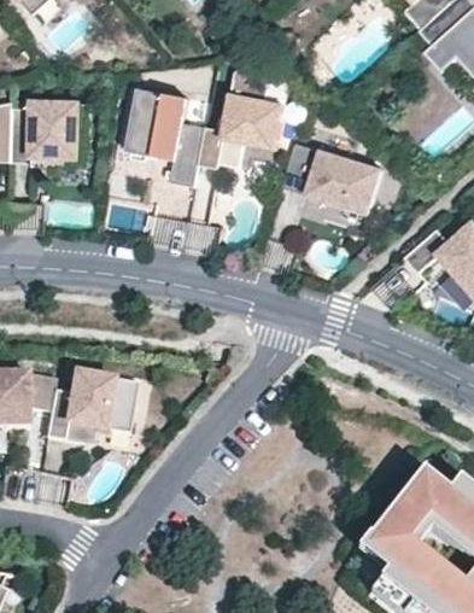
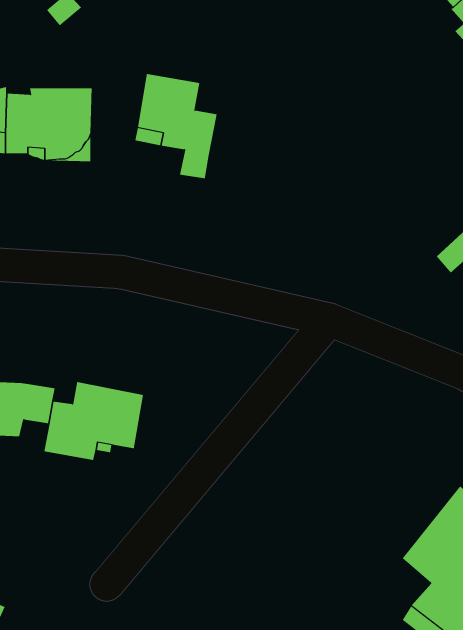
building: [197,63,283,168] -> none
building: [279,148,379,220] -> none

